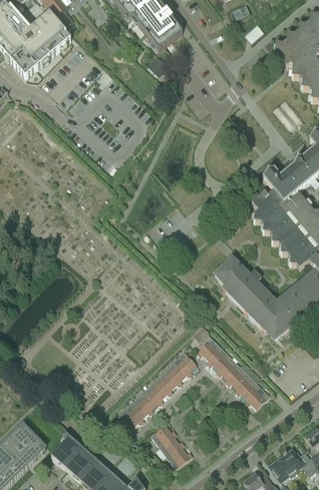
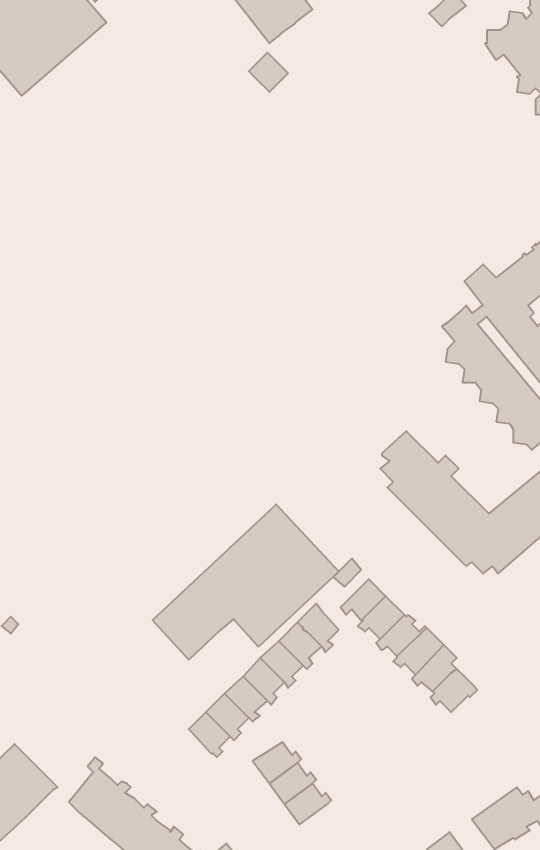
building: none -> [153,504,339,660]

